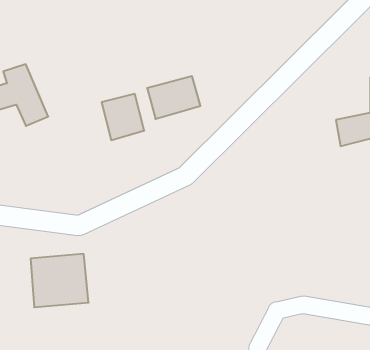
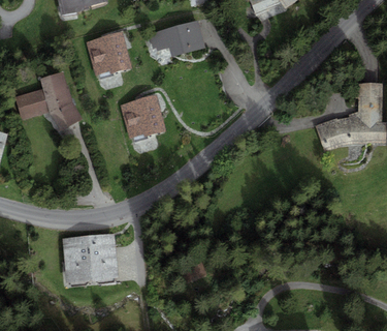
building: none -> [90,34,126,72]
building: [147,76,200,119] -> [157,23,203,60]

